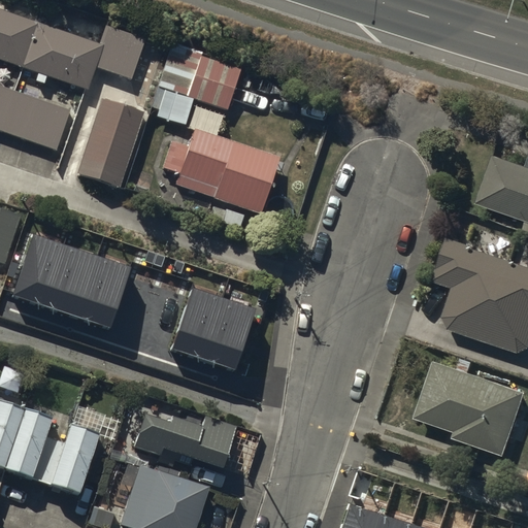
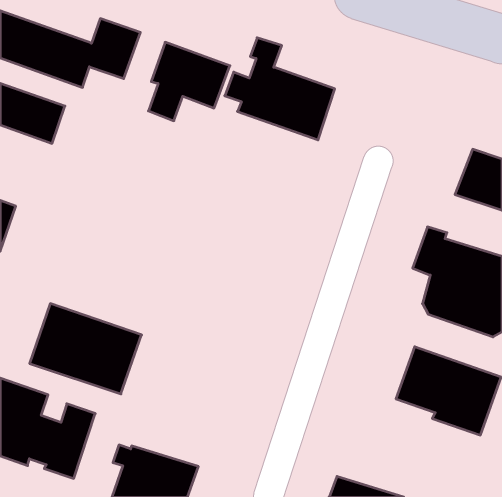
building: [76,100,143,188] -> none
building: [162,108,277,216] -> [225,38,335,140]
building: [12,229,130,324] -> [30,304,142,394]
building: [170,283,256,365] -> none
building: [134,420,233,474] -> none

